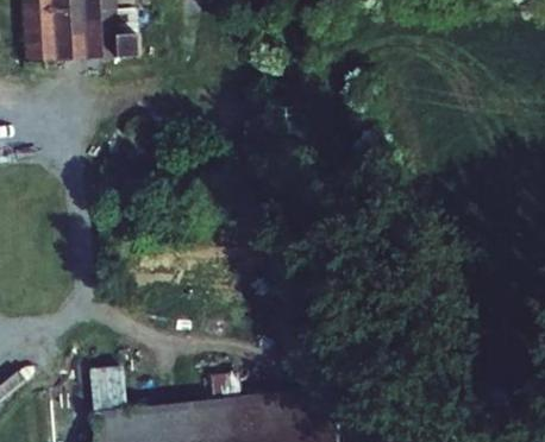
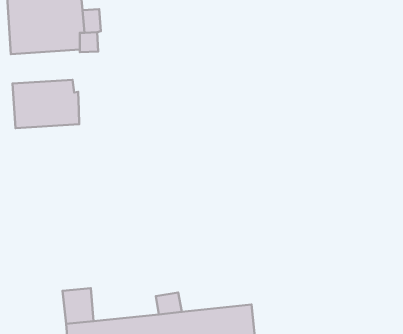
building: none -> [13,80,79,128]

